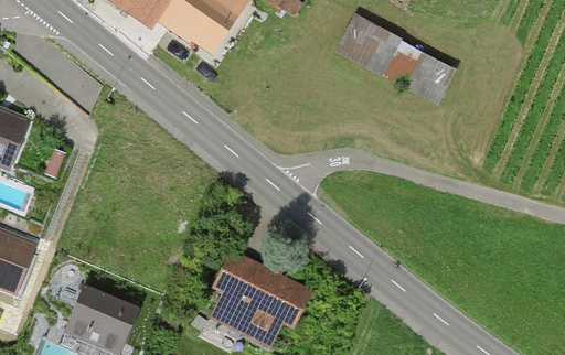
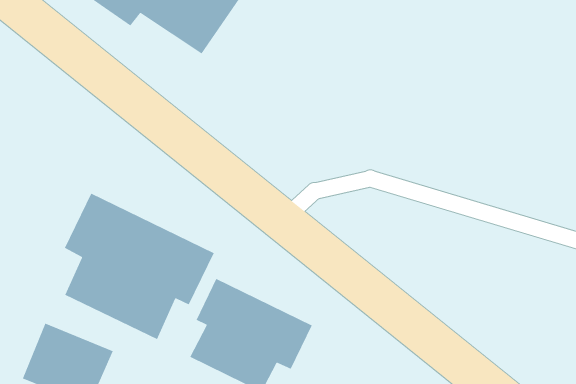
building: [337,14,460,105] -> none
building: none -> [64,192,215,340]

